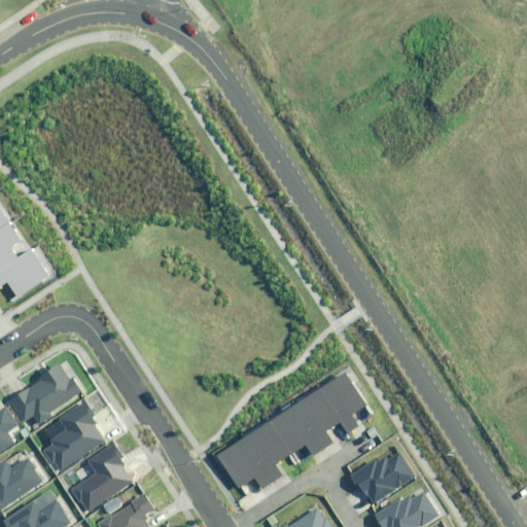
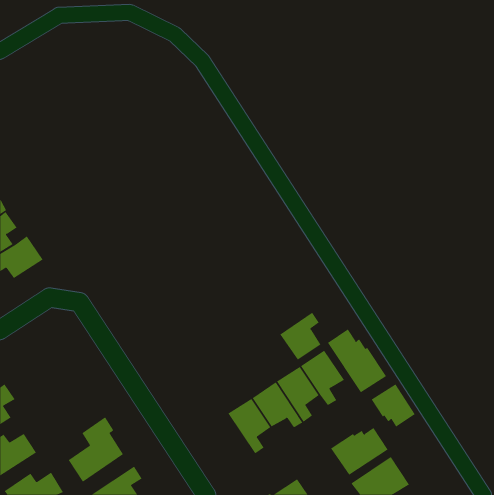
building: none -> [279,312,321,361]
building: none -> [327,329,387,393]
building: [10,364,82,425] -> none
building: [46,403,101,470] -> none
building: none -> [371,384,416,427]
building: [216,440,271,489] -> none

